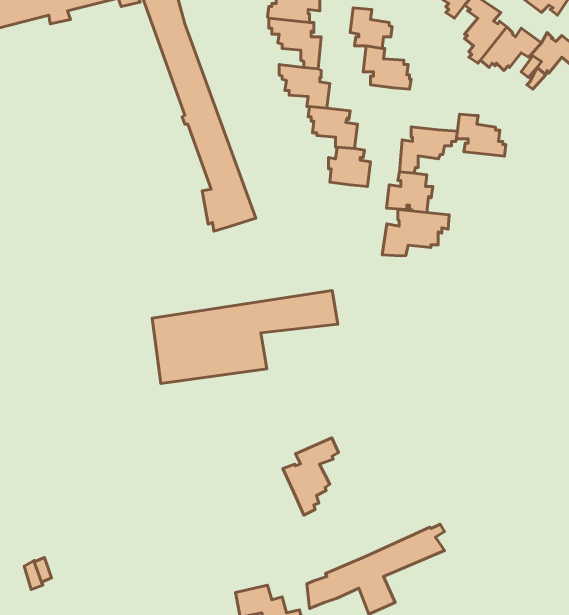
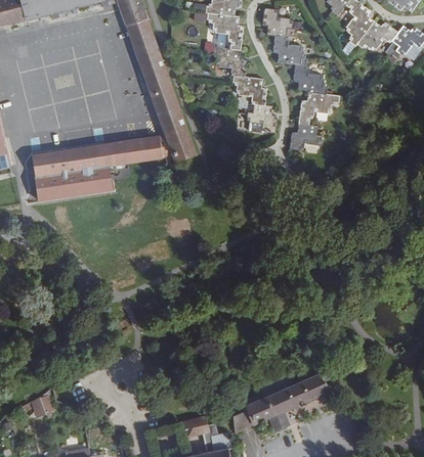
building: [457,114,506,156] -> [292,63,327,93]
building: [382,209,449,256] -> none
building: [152,291,338,383] -> [32,136,163,201]
building: [283,438,339,515] -> none

